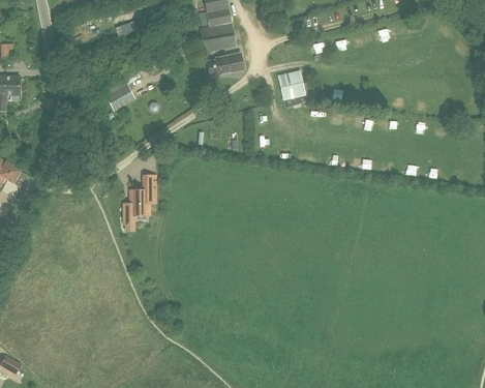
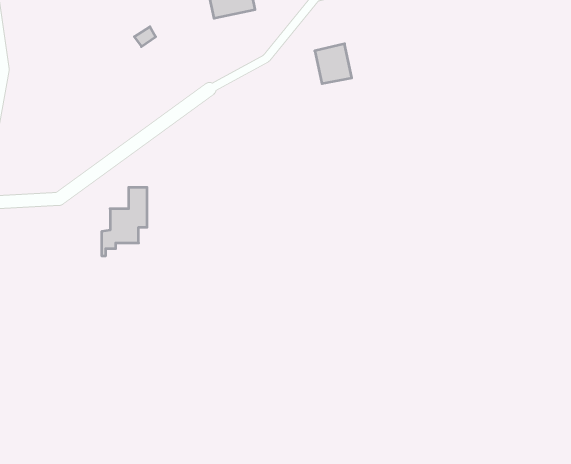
building: [207,53,243,76] -> none
building: [105,84,135,111] -> none

